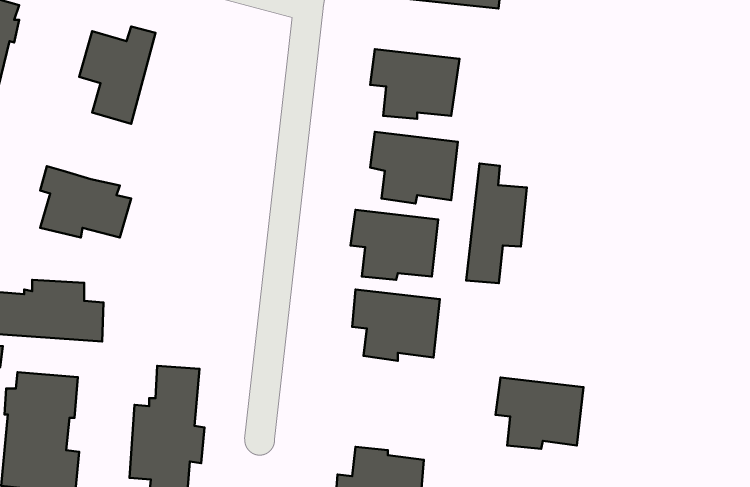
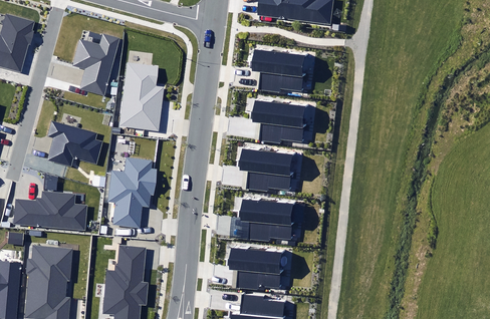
building: none -> [119,61,164,130]
building: [466,163,527,283] -> none
building: none -> [109,158,157,228]
building: [496,377,583,449] -> [228,246,282,290]

